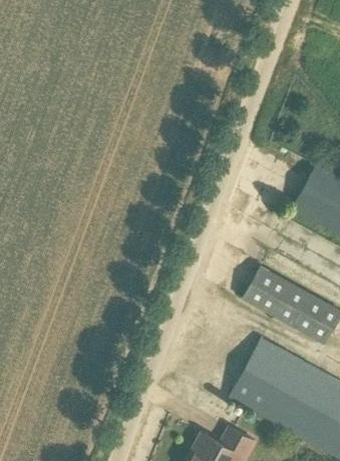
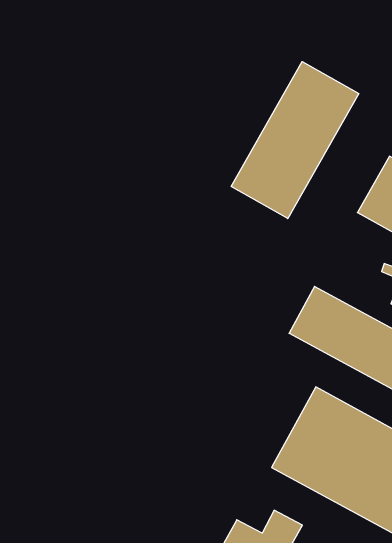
building: none -> [231,62,359,219]

